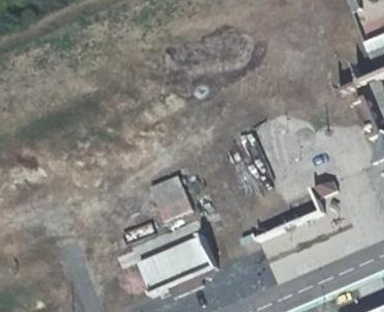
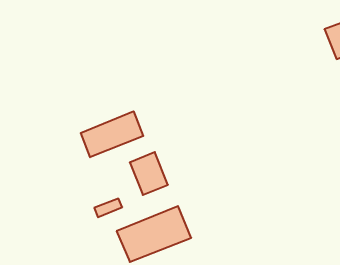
building: none -> [81,111,143,157]

